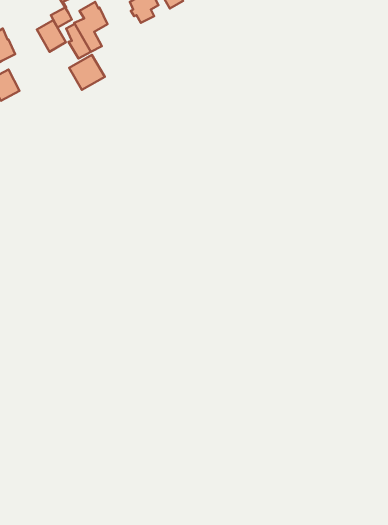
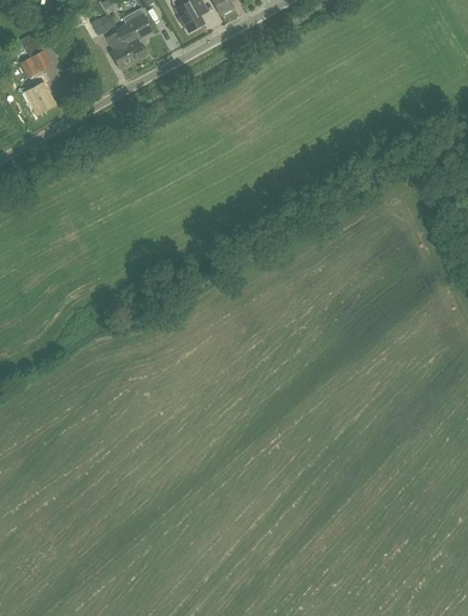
building: [37,20,66,52] -> none
building: [69,55,105,90] -> none

